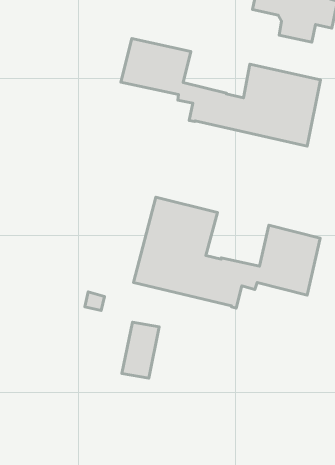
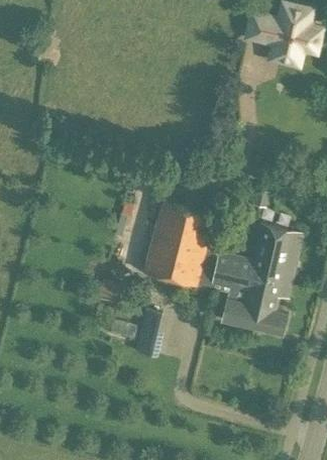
building: [121,39,321,146] -> none
building: none -> [221,273,294,335]

